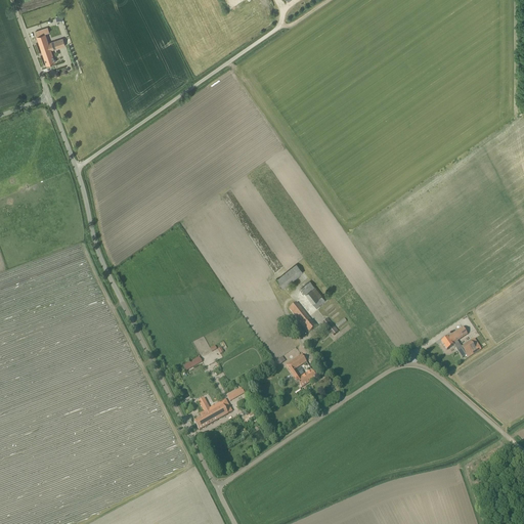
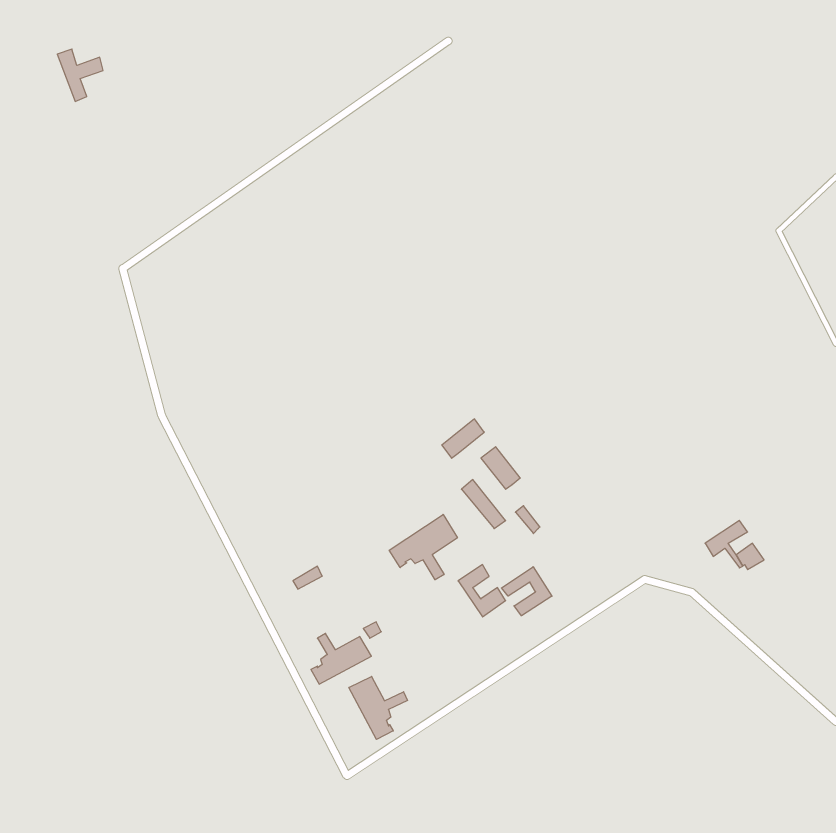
building: none -> [389,514,457,580]
building: none -> [501,567,552,616]
building: none -> [349,676,408,739]

